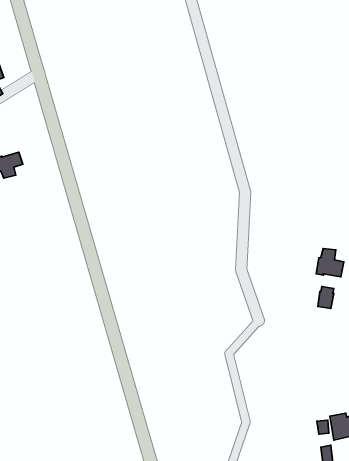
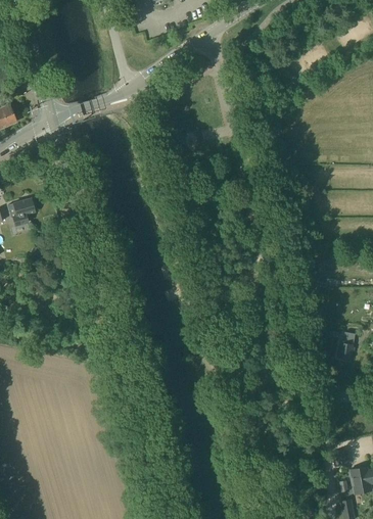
building: [316,249,344,277] -> none

